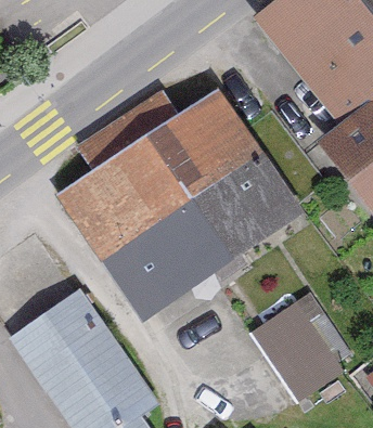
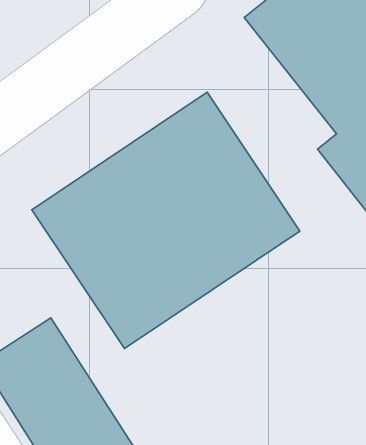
building: [246,299,336,395] -> none

